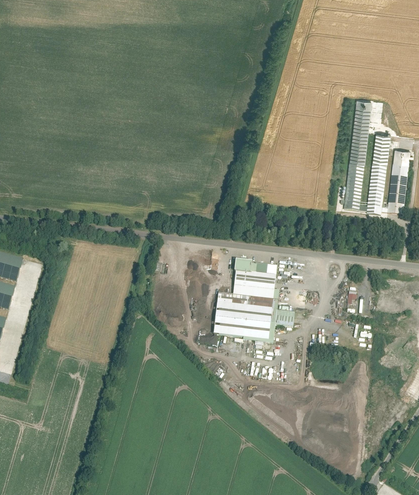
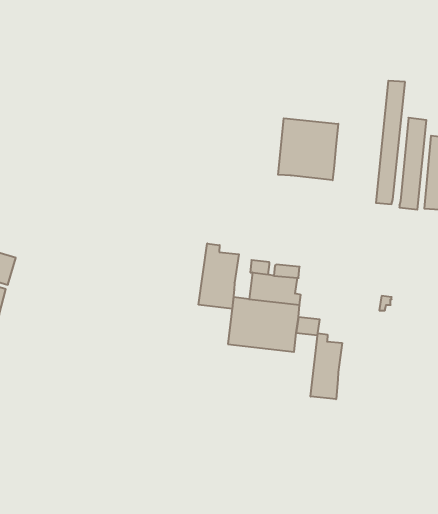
building: none -> [278,118,338,180]
building: none -> [199,243,239,309]
building: none -> [311,333,342,399]

